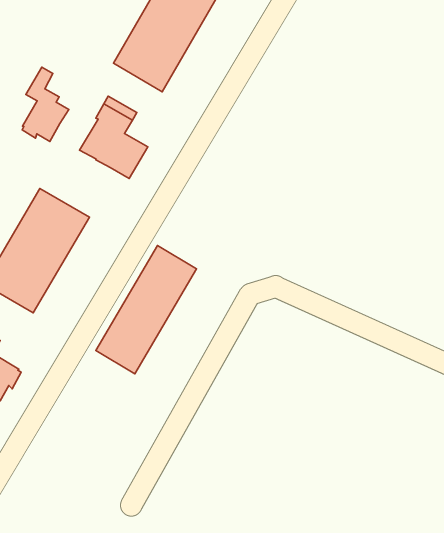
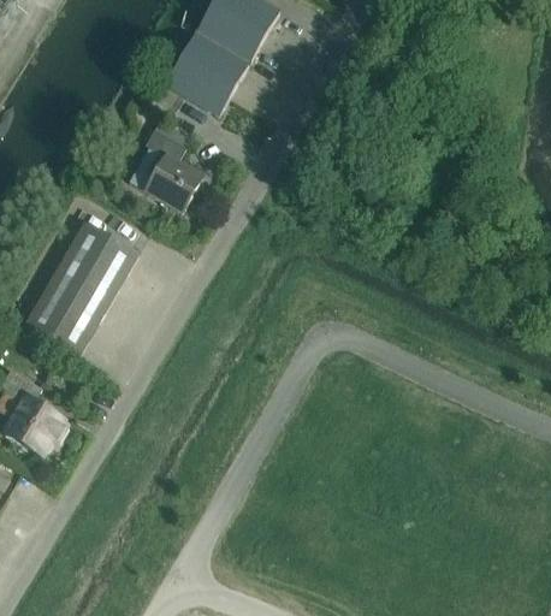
building: [22,67,69,141] -> none
building: [96,245,196,374] -> none

